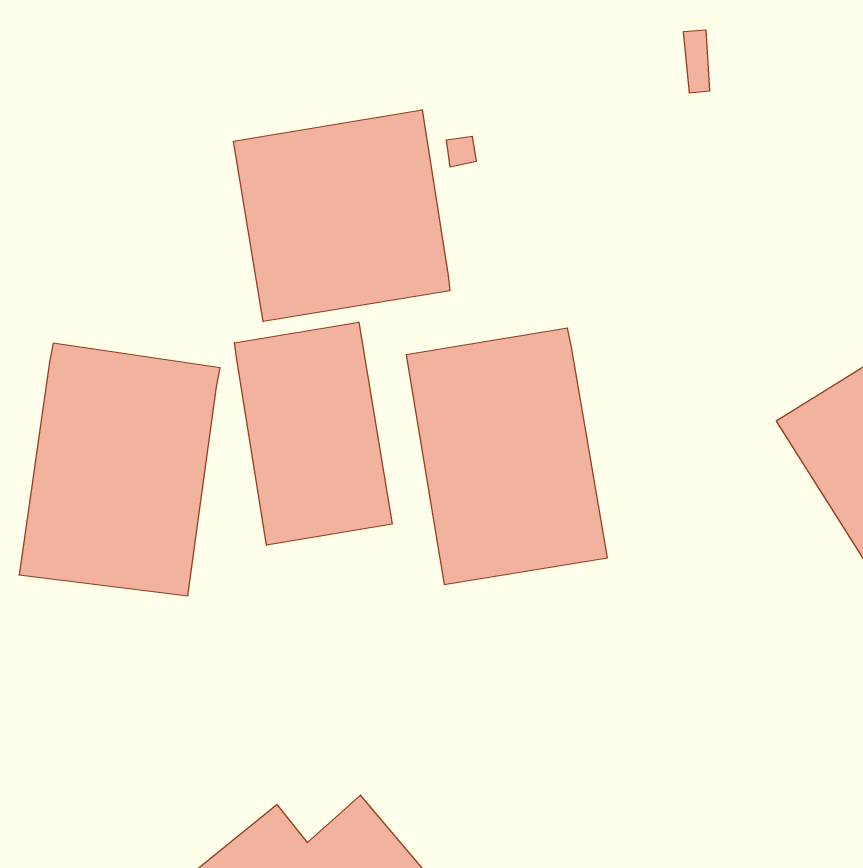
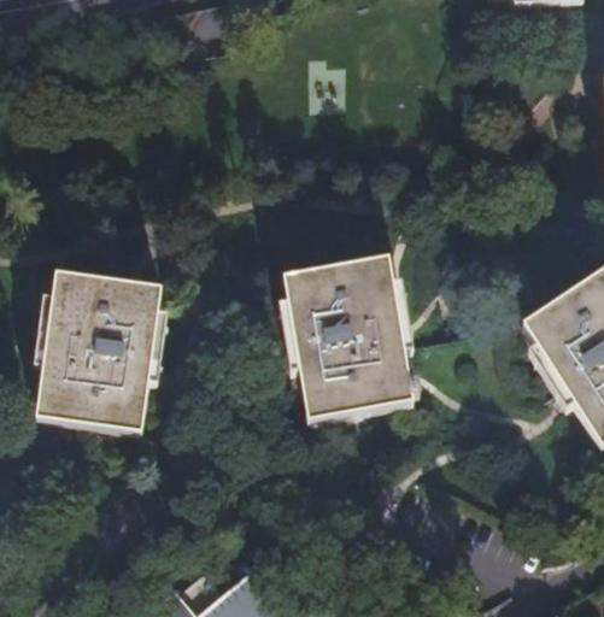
building: [233,110,450,322] -> none
building: [234,322,392,545] -> none

